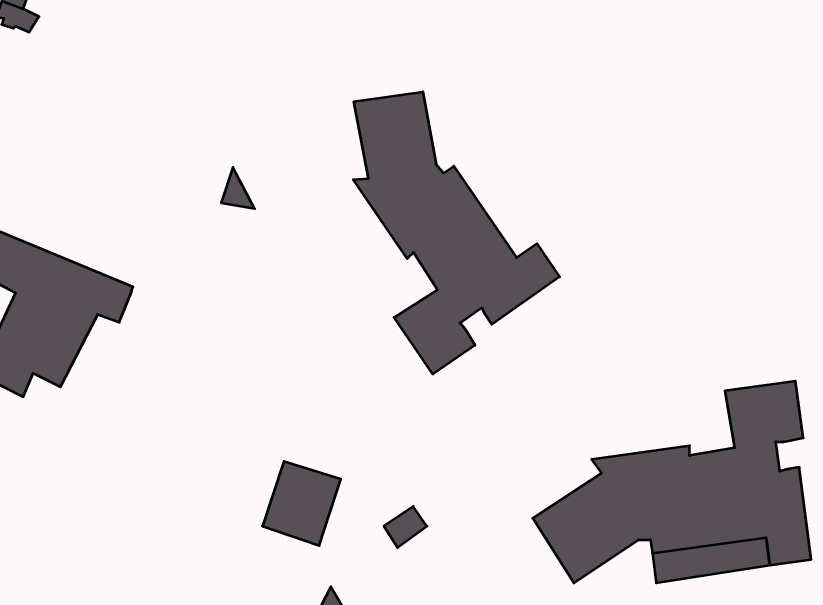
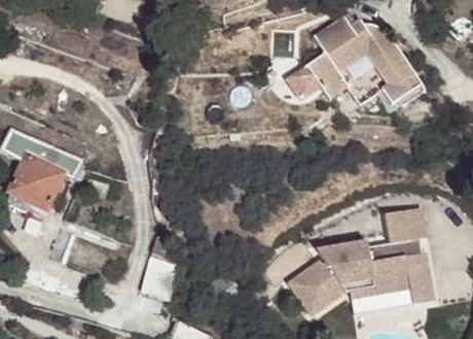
building: none -> [297,22,416,110]
building: [353,92,560,374] -> none

